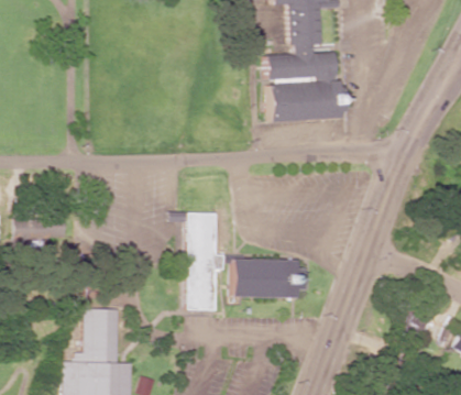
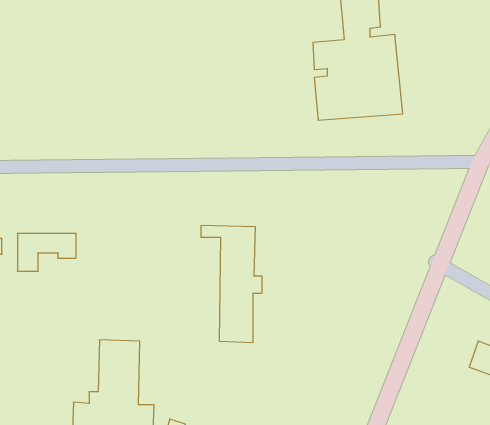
building: [223,257,305,298] -> none

